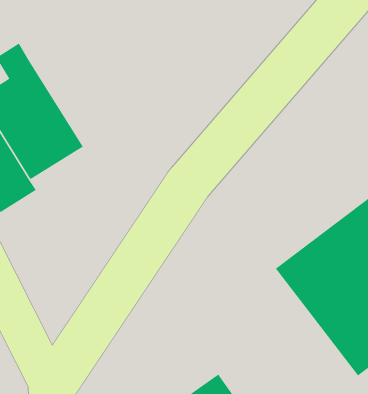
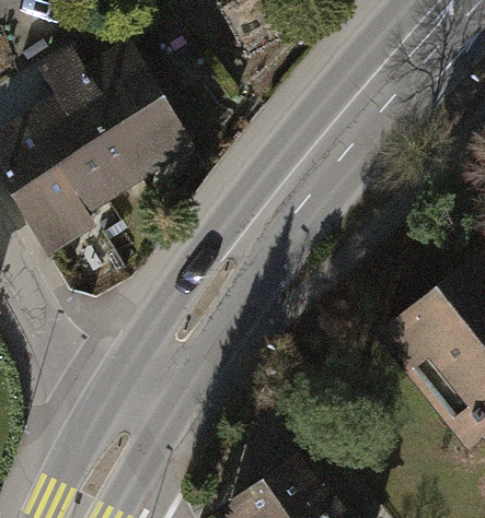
building: none -> [79,50,188,180]

